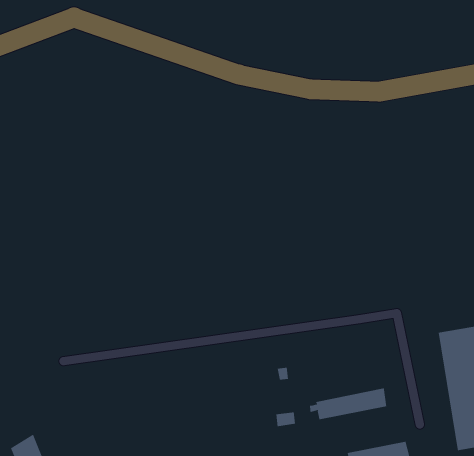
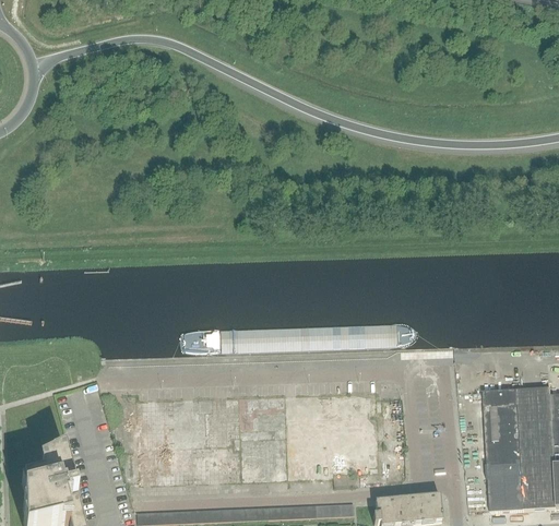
building: [309,388,387,420] -> none

